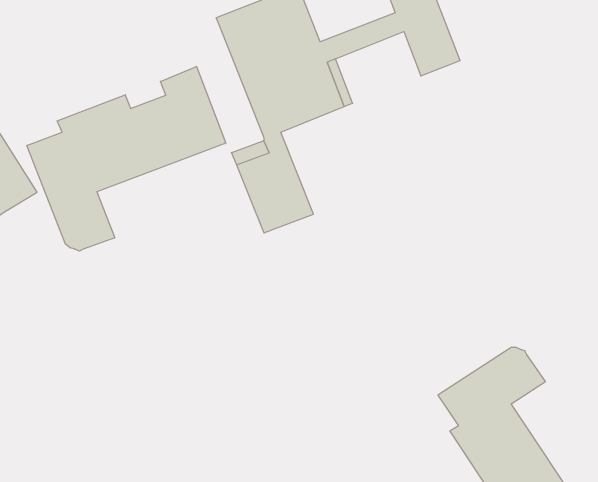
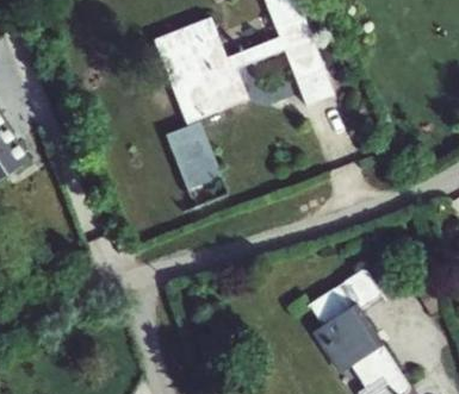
building: [27,66,226,251] -> none

